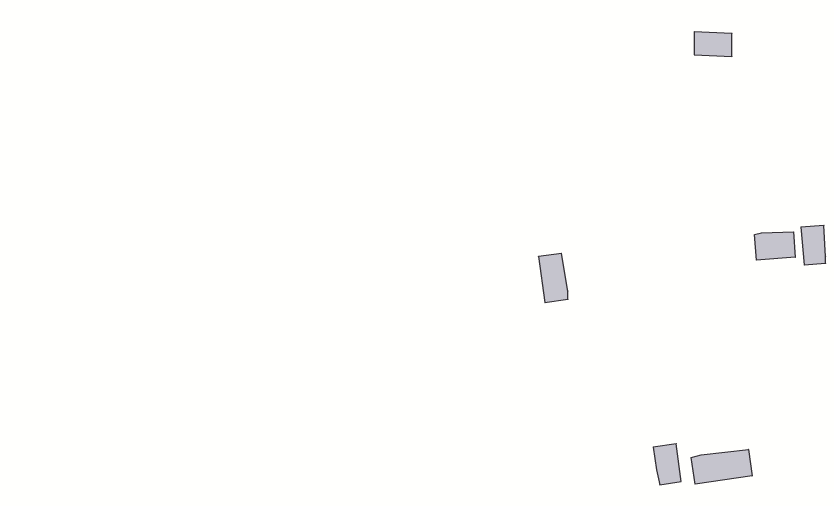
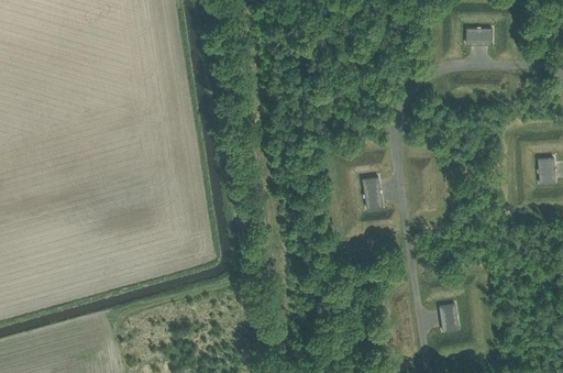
building: [755,232,795,260] -> none
building: [691,449,752,484] -> none

